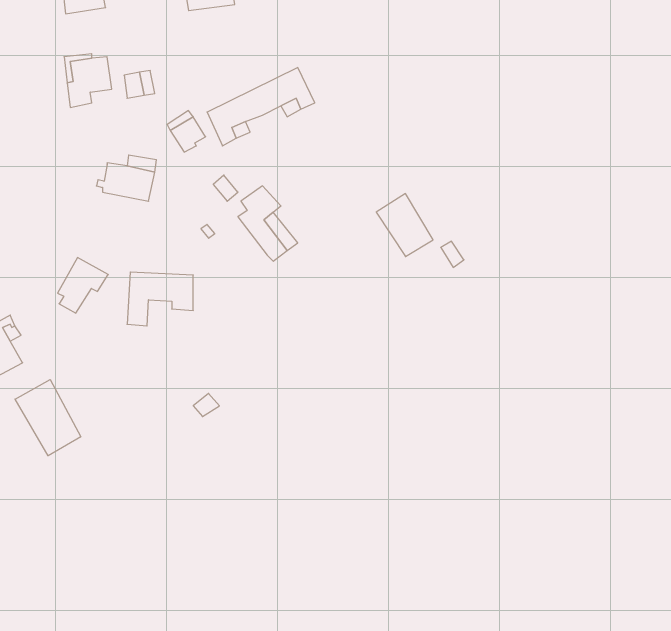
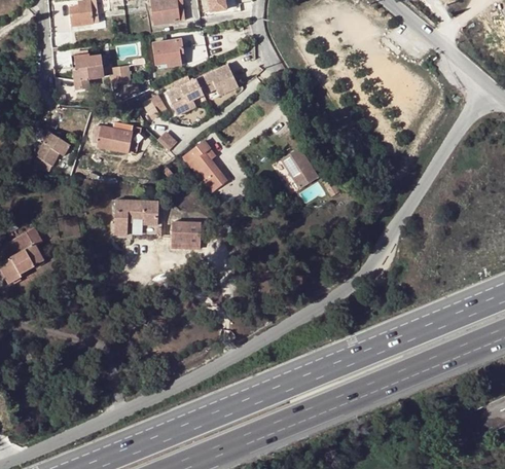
building: none -> [152,39,184,65]
building: [58,258,108,313] -> [36,133,70,170]
building: none -> [171,221,200,243]
building: [15,380,81,456] -> none

